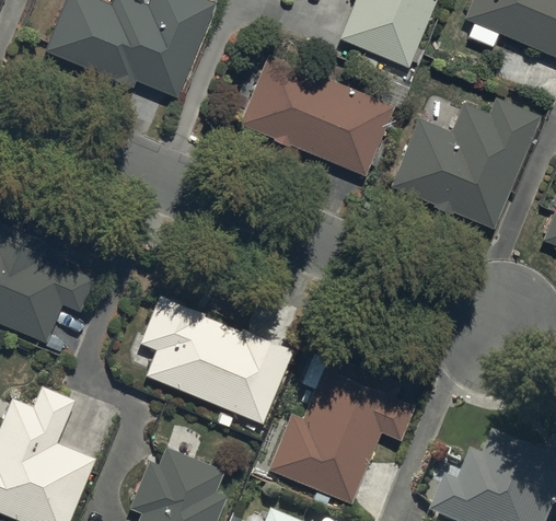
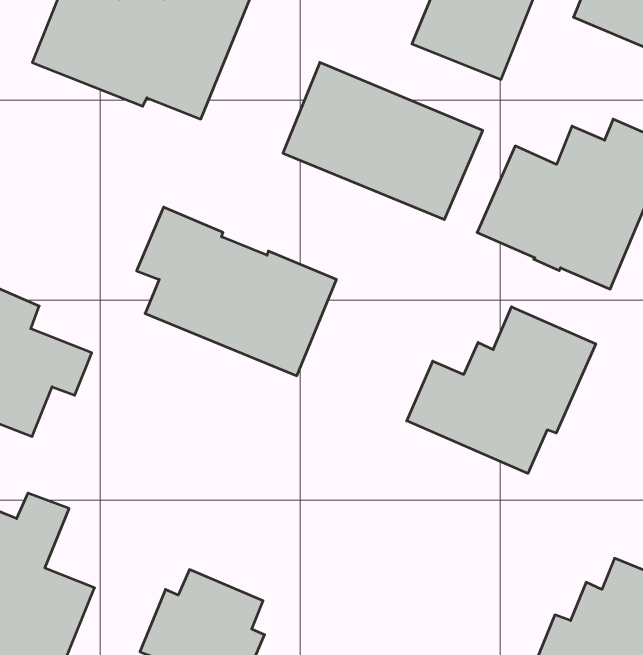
building: none -> [407,307,596,473]
building: [139,296,293,426] -> [137,207,336,376]
building: [268,348,414,503] -> none

